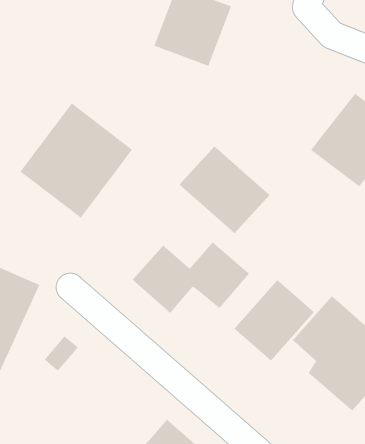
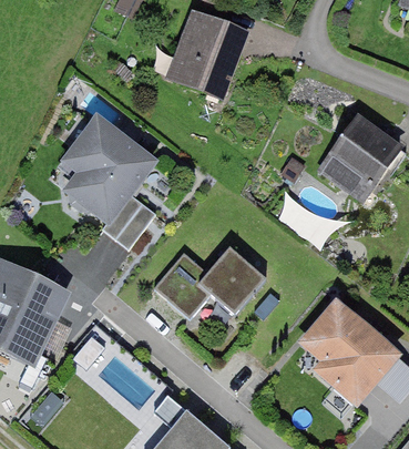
building: [179,146,271,234] -> none
building: none -> [108,194,156,244]
building: [233,279,315,361] -> none

